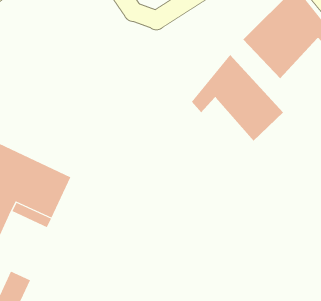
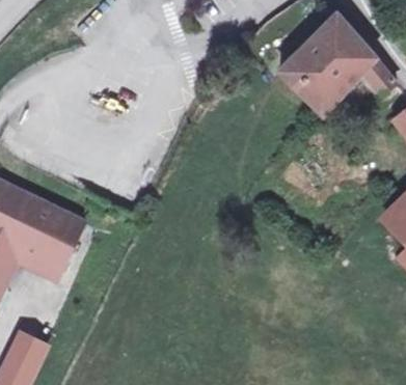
building: [191,54,284,142] -> none

